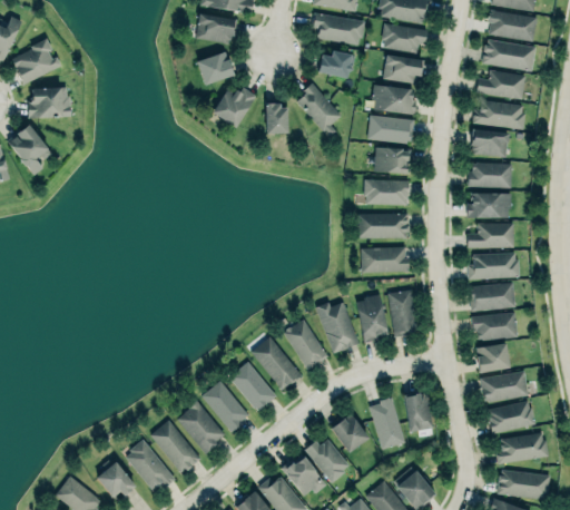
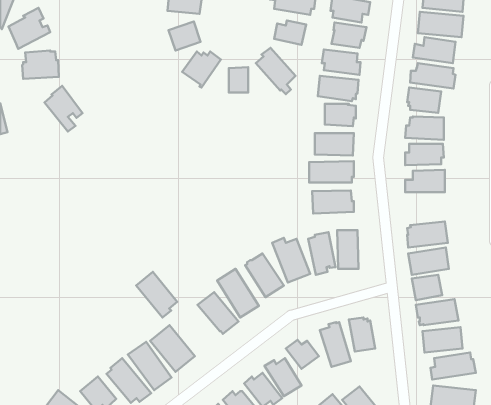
building: [8,122,51,175] -> [45,86,82,132]
building: [468,252,520,279] -> none
building: [202,380,248,432] -> [136,272,177,317]

